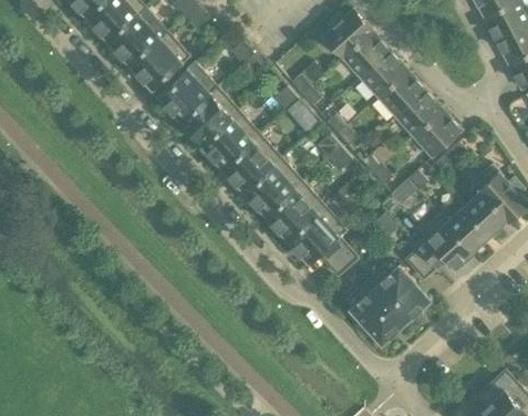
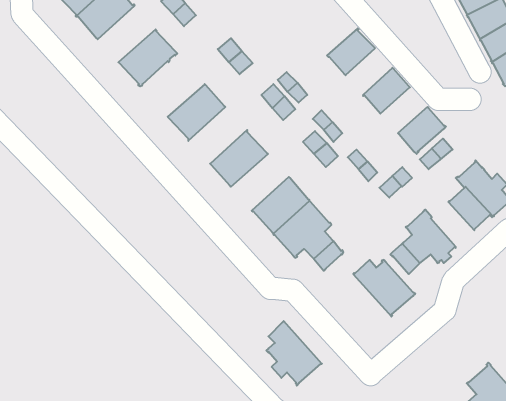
building: [108,8,167,65] -> none
building: [322,10,372,59] -> none
building: [360,51,407,98] -> none
building: [157,62,217,121] -> none
building: [395,91,443,137] -> none
building: [200,111,260,168] -> none
building: [244,158,302,216] -> none
building: [446,207,490,252] -> none
building: [350,280,406,345] -> [266,321,322,386]

